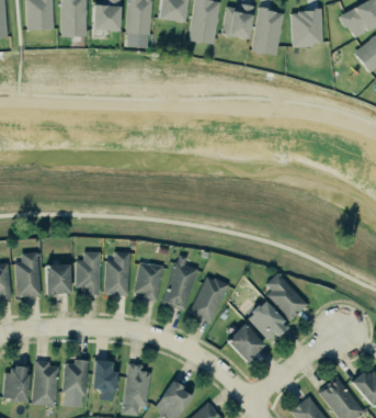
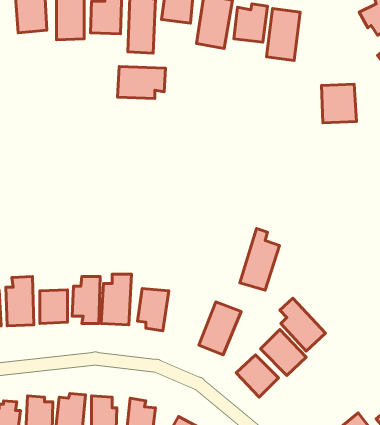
building: [292,11,323,46] -> [322,84,357,123]
building: none -> [118,67,166,99]
building: [162,255,198,310] -> [240,229,280,290]

